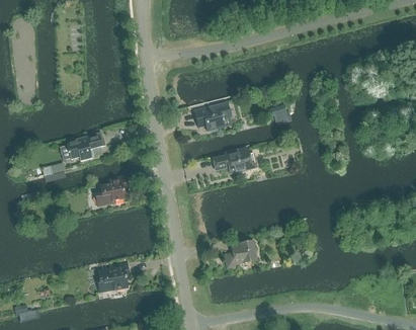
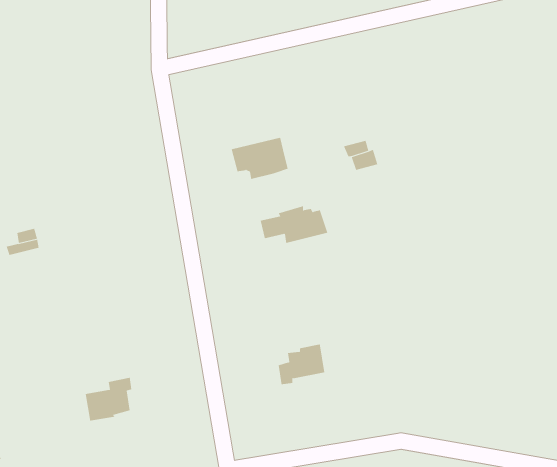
building: [60,132,104,161] -> none
building: [95,175,126,205] -> none

